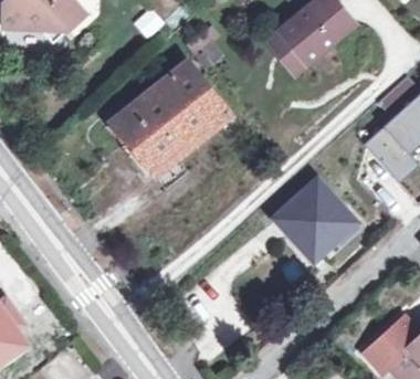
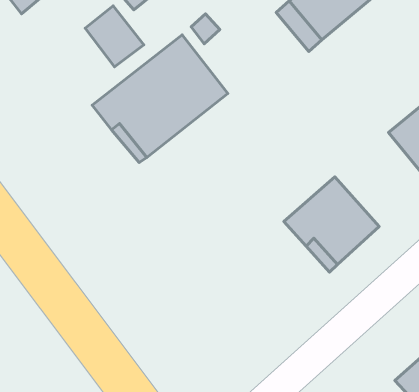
building: none -> [85,6,144,67]

